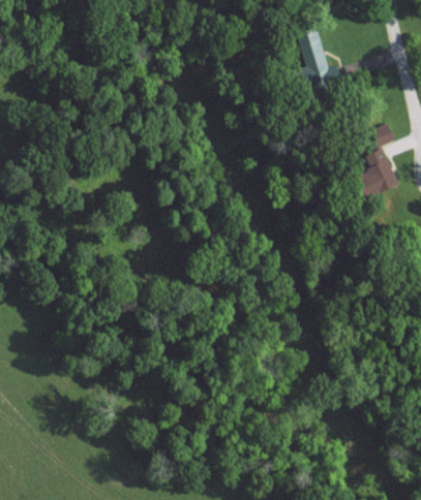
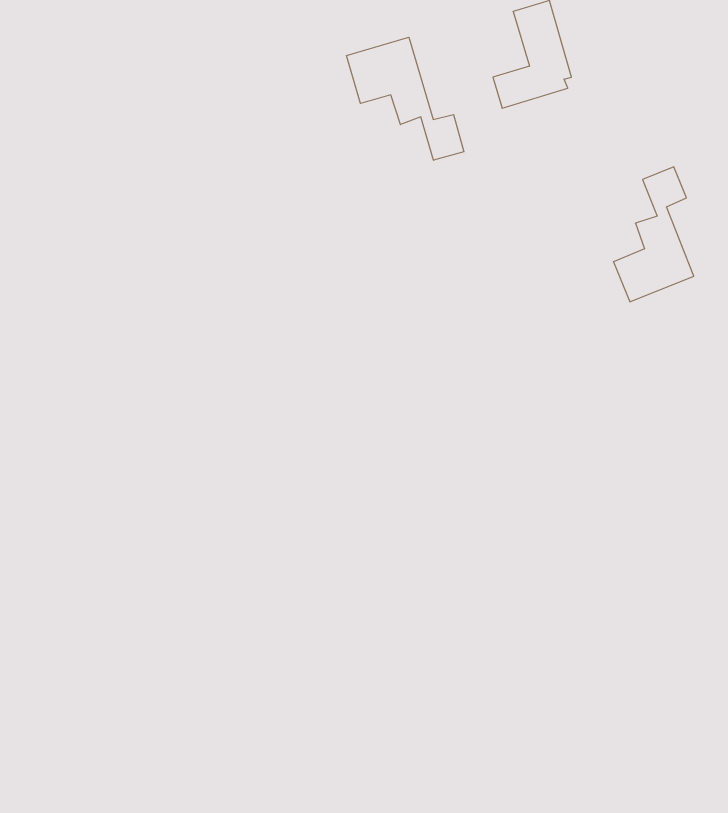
building: none -> [347,37,464,160]

